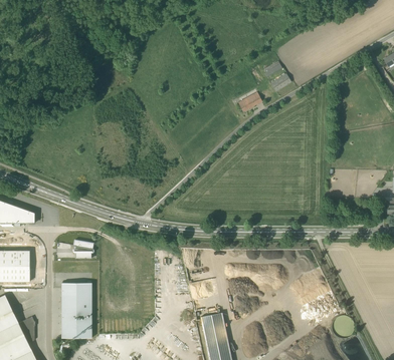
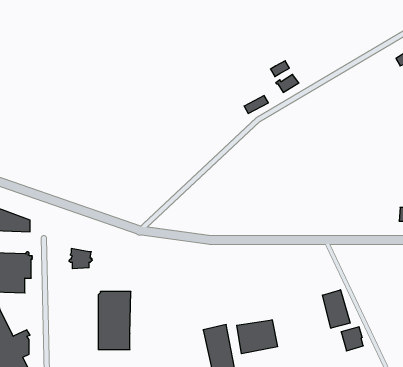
building: none -> [322,290,350,328]
building: [60,283,91,338] -> [98,292,131,350]
building: none -> [237,320,277,354]

